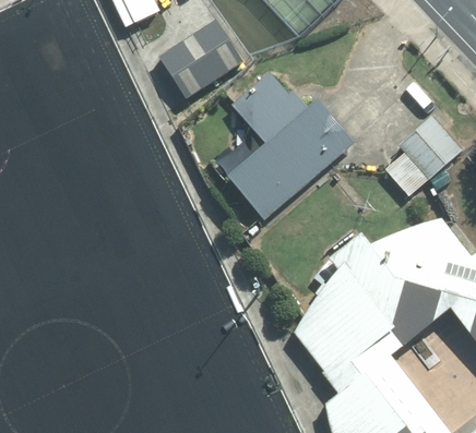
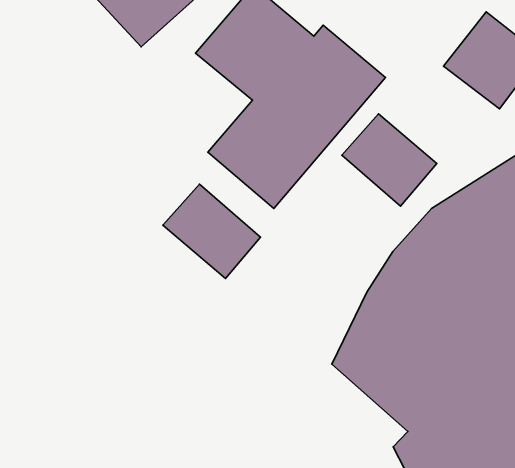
building: none -> [342,114,437,206]
building: none -> [163,184,260,278]

